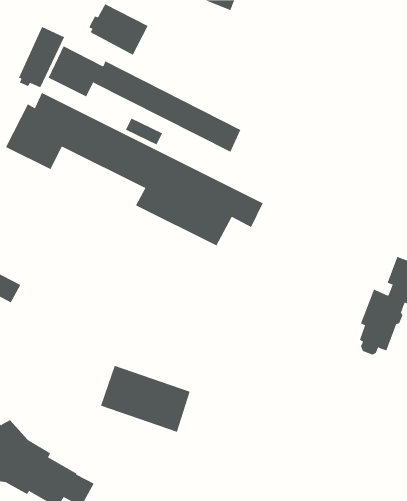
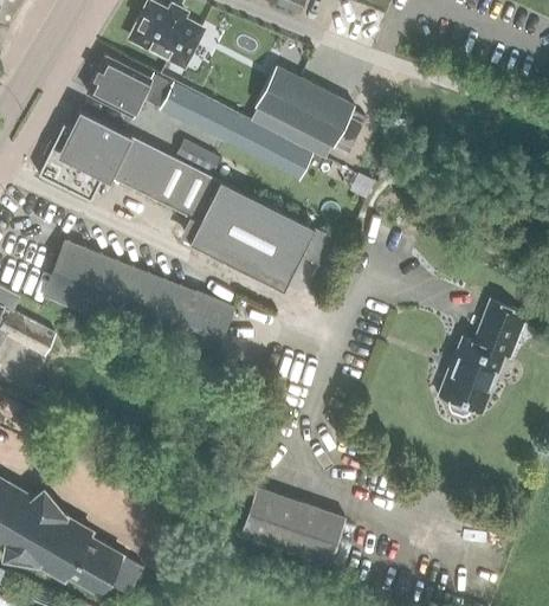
building: [18,26,65,88] -> none
building: none -> [254,65,353,146]
building: none -> [47,241,235,361]
building: [100,365,191,432] -> [240,486,345,565]

